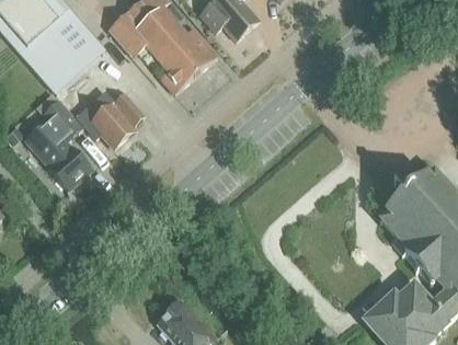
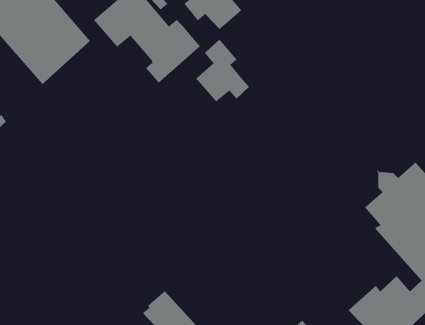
building: none -> [196,39,250,102]
building: [25,92,91,189] -> none
building: [83,92,145,148] -> none

